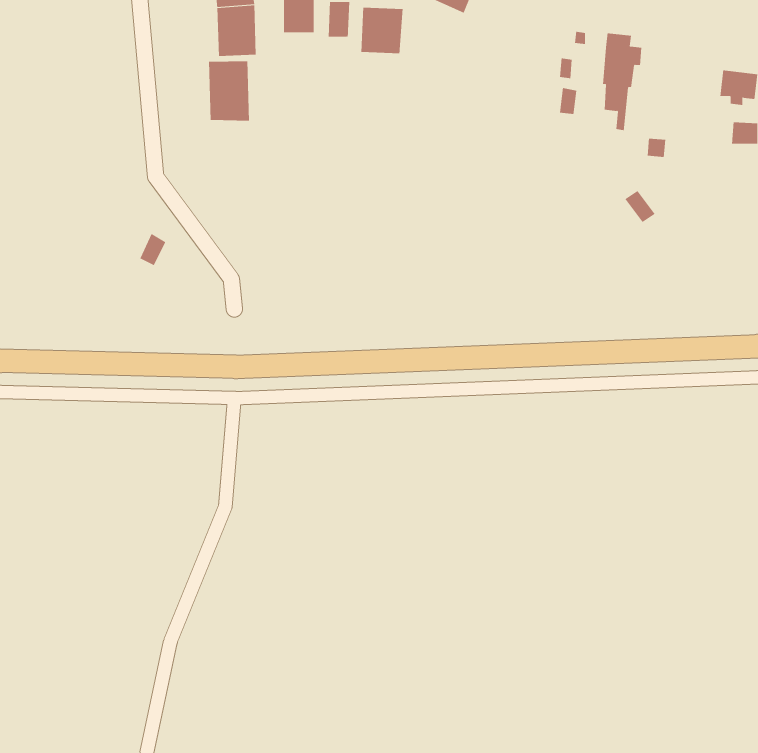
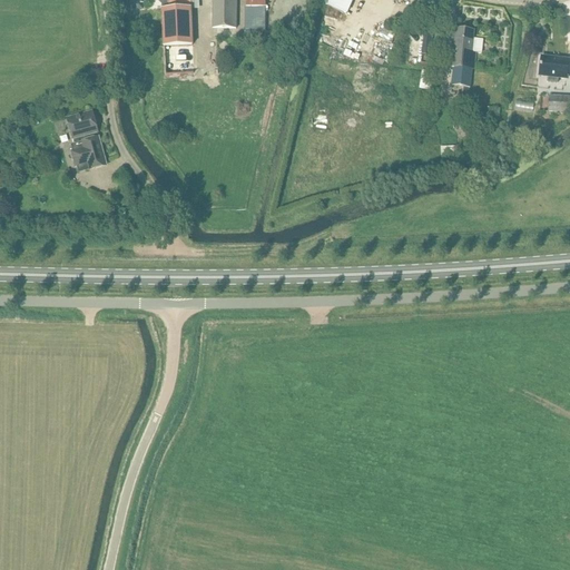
building: [361,7,403,54] -> none
building: [208,60,250,122] -> none
building: none -> [67,108,105,167]

